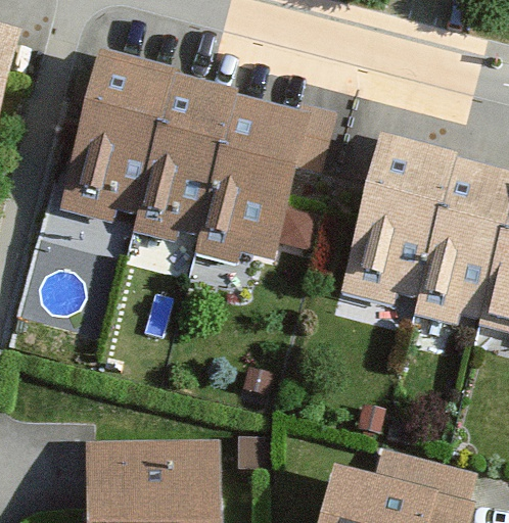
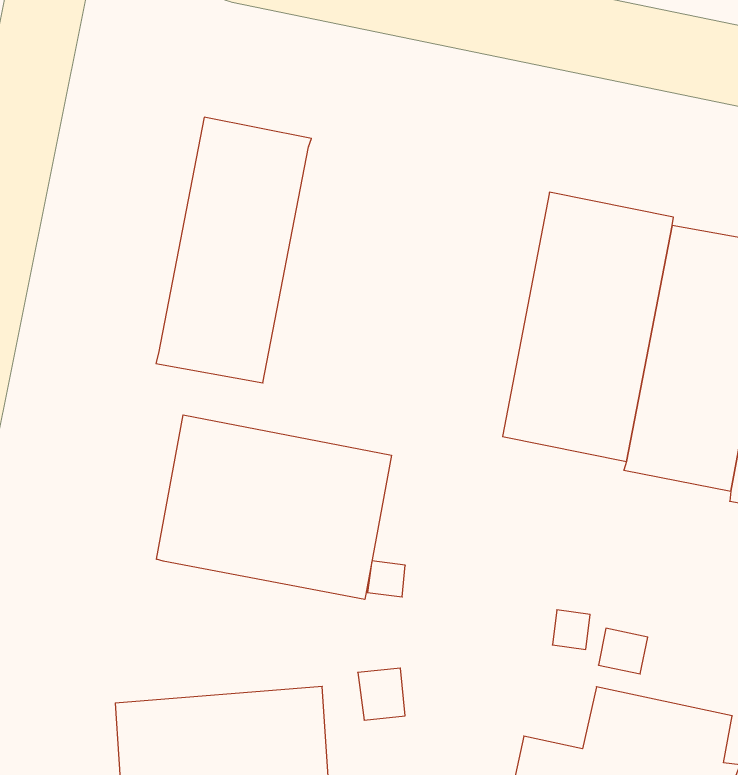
building: [57,56,172,225] -> none
building: [195,103,304,272] -> none
building: none -> [156,415,391,599]

